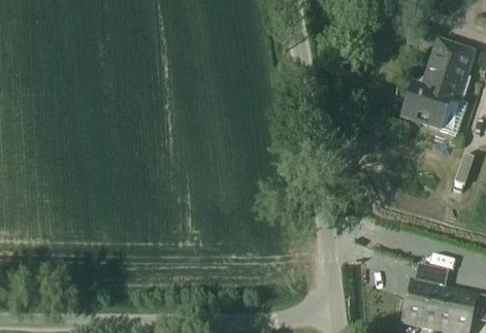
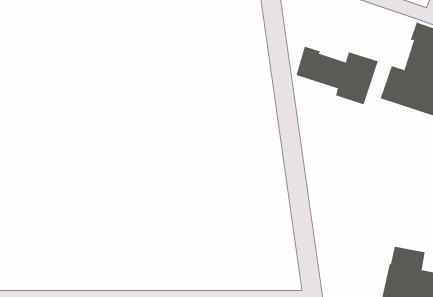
building: none -> [296,46,378,105]

